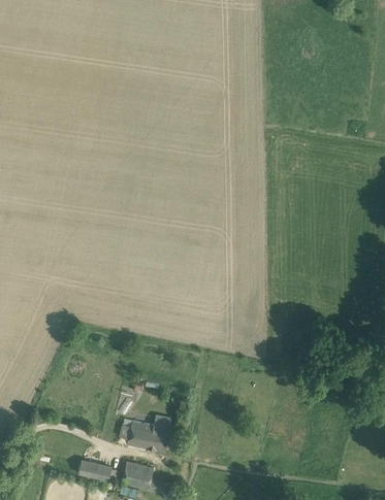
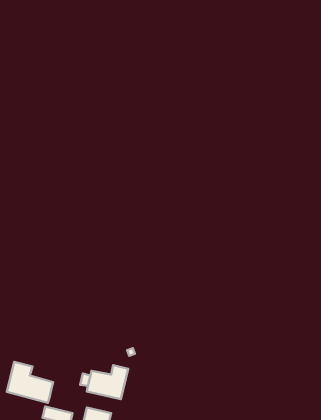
building: none -> [7,362,53,403]

